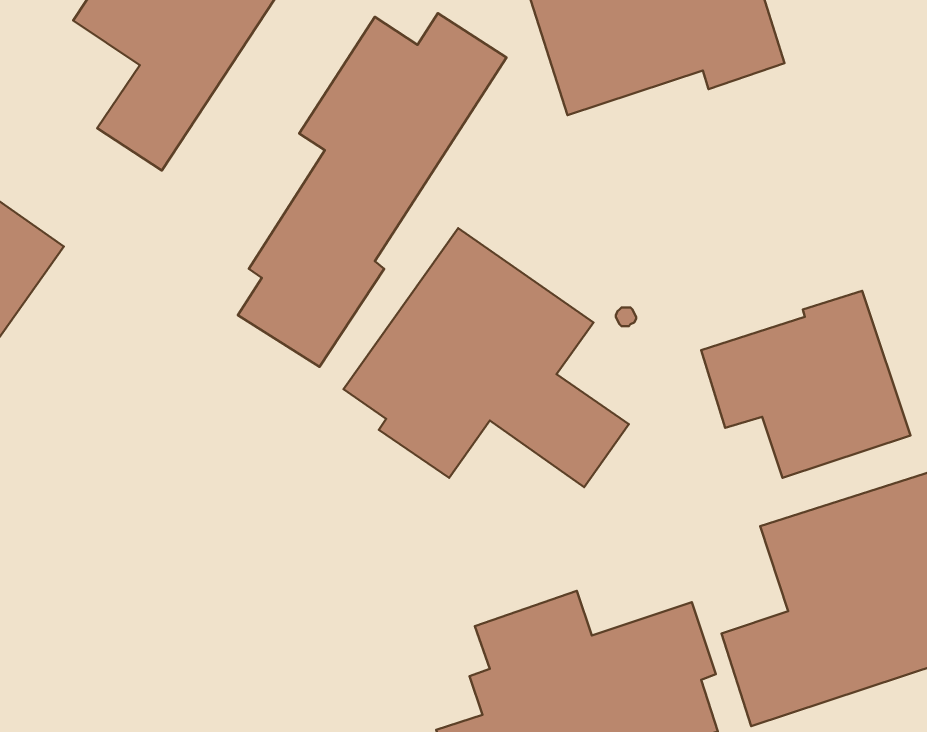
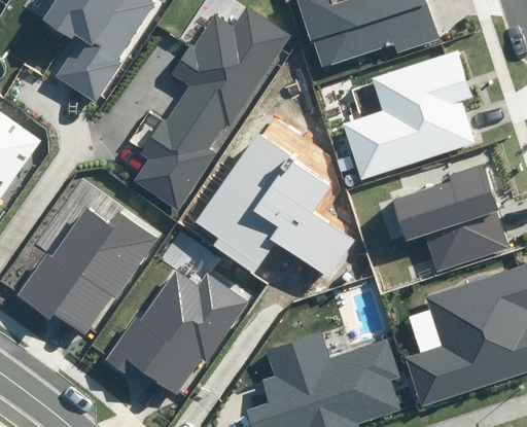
building: none -> [343,54,473,180]
building: none -> [15,208,154,335]
building: none -> [105,268,247,395]

